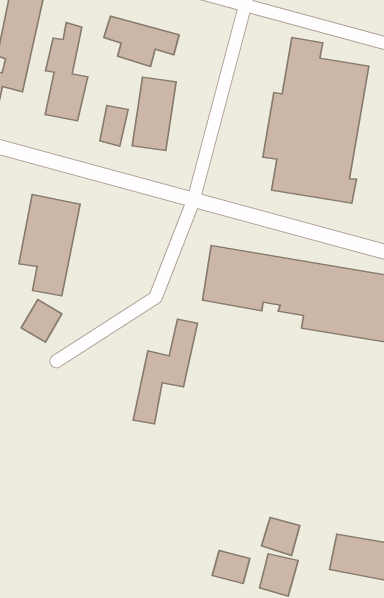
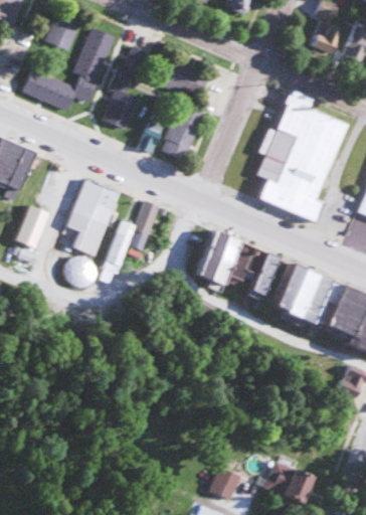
building: [133,319,197,424] -> [102,201,159,276]
building: [261,517,300,556] -> none
building: [212,550,250,584] -> none

